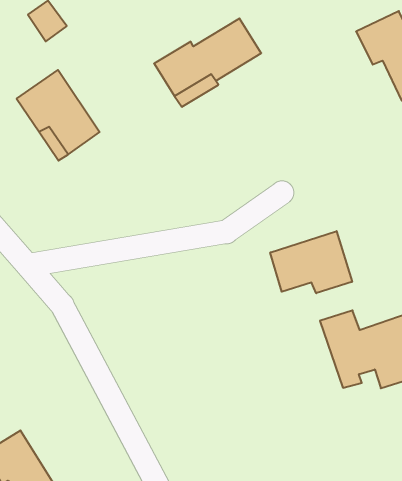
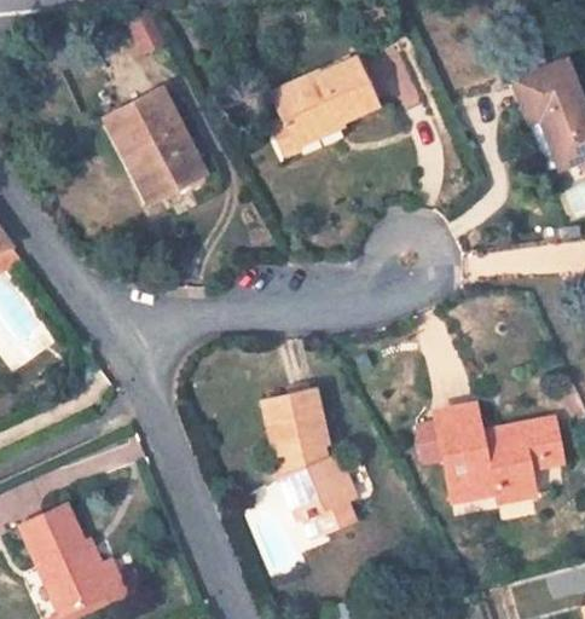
building: [270,231,352,293] -> none
building: none -> [266,389,355,531]

